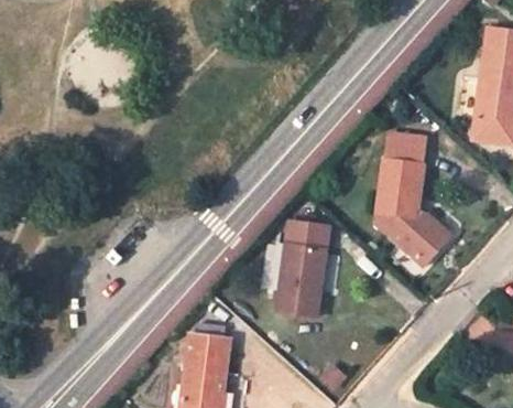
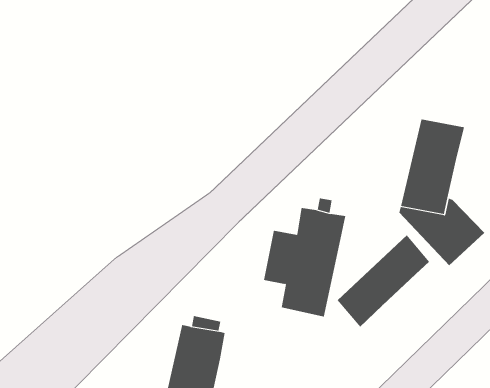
building: none -> [337,235,430,328]

